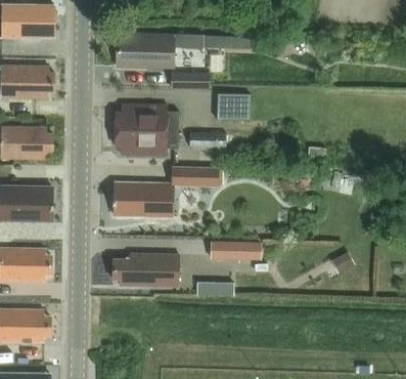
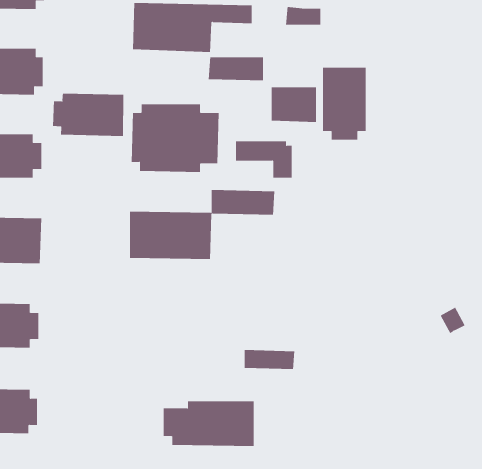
building: none -> [323,67,366,140]
building: none -> [52,93,124,137]
building: [212,242,261,260] -> none
building: [114,254,179,287] -> [163,401,254,447]

